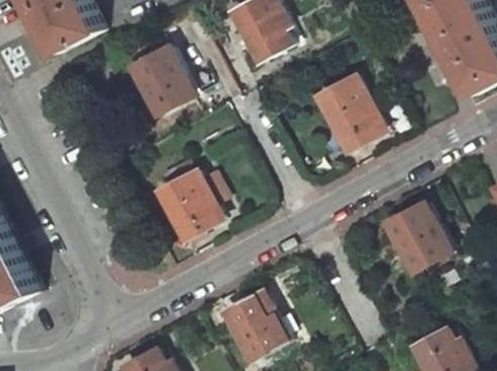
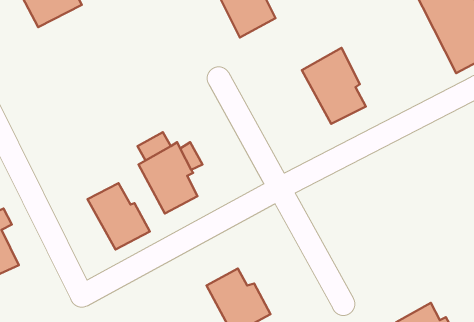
building: [128,44,189,115] -> none
building: [384,204,450,272] -> none
building: none -> [87,183,150,250]

